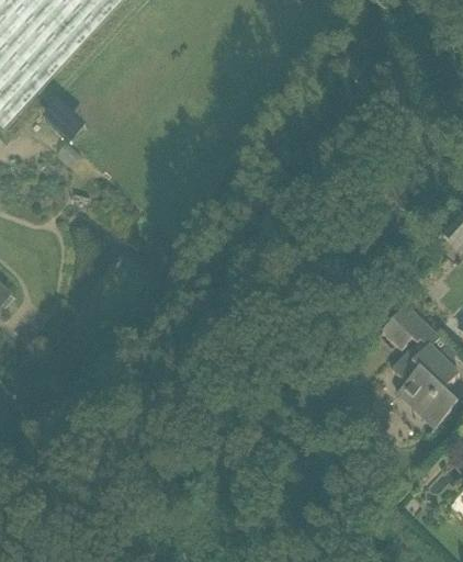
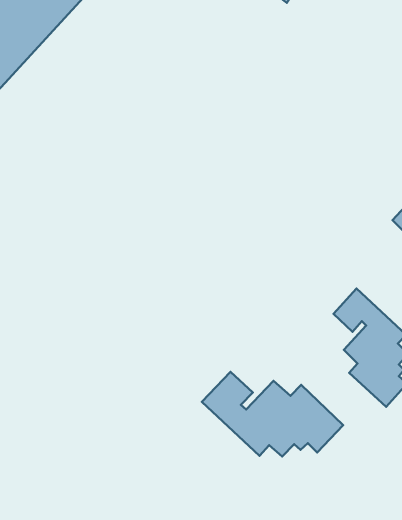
building: none -> [202,372,343,457]

